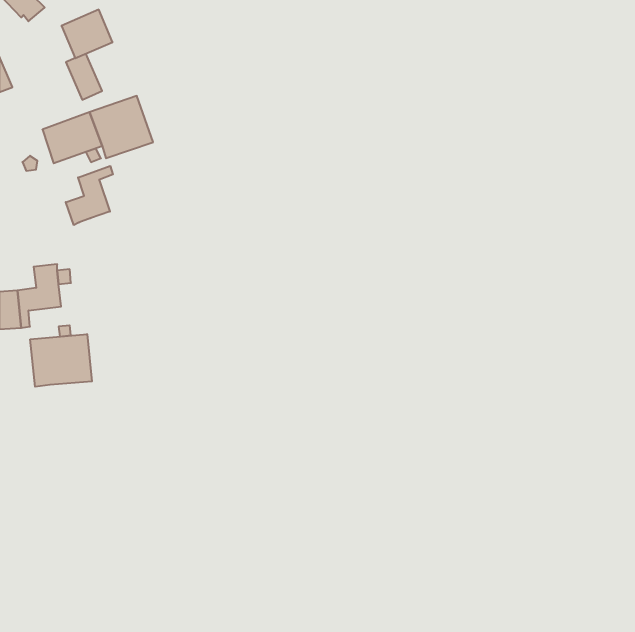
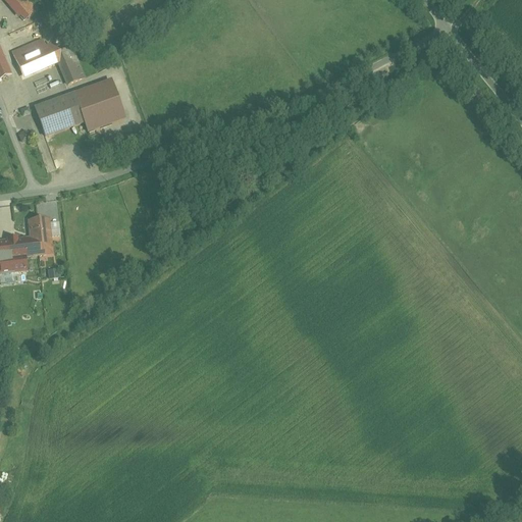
building: [61,10,113,58] -> [11,37,53,76]
building: [66,166,113,225] -> none
building: [30,334,92,387] -> none

